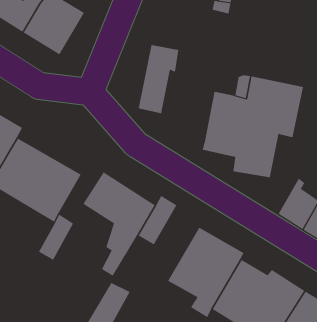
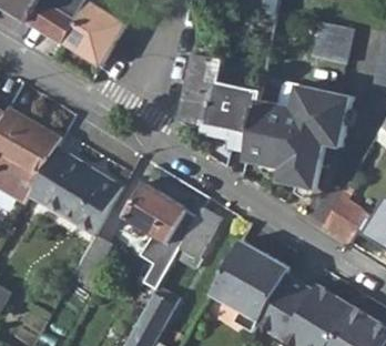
building: none -> [307,21,348,64]
building: none -> [201,72,258,152]

